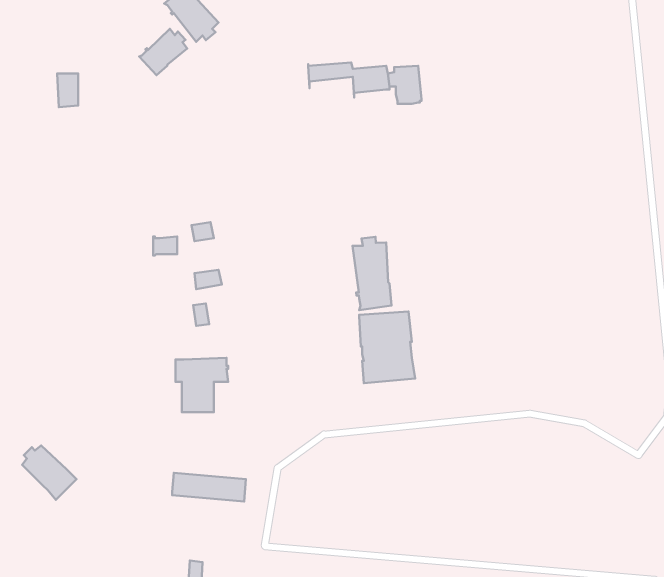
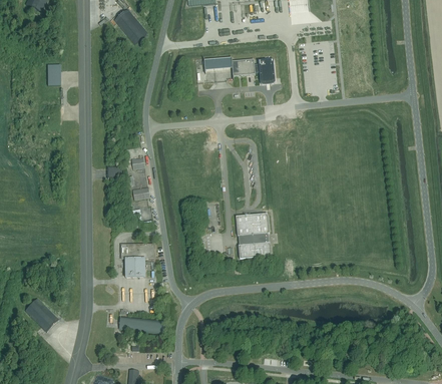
building: [139,29,187,75] -> none
building: [353,237,391,310] -> none

